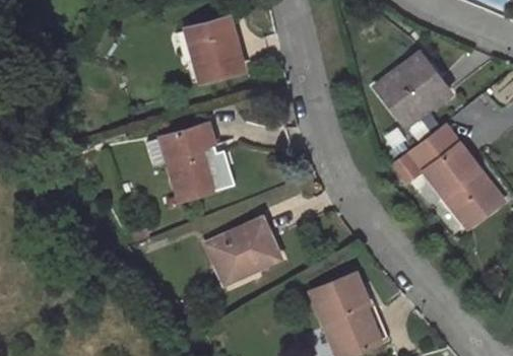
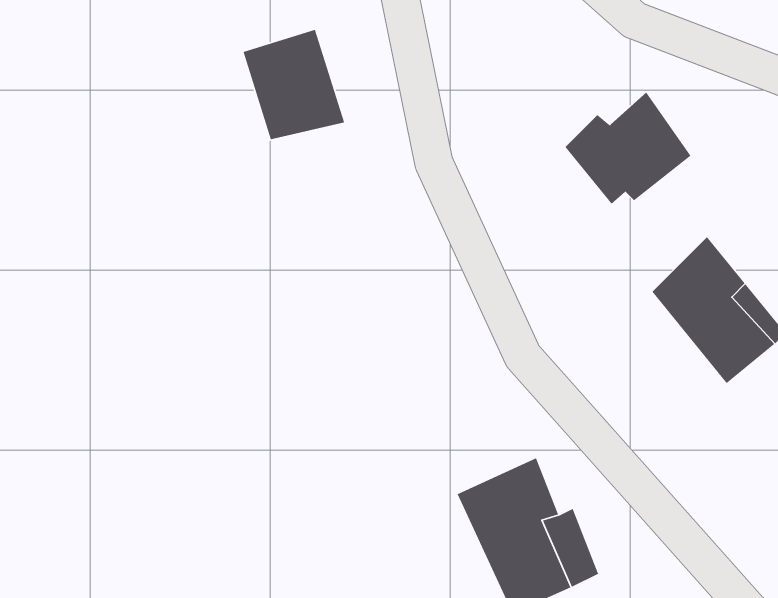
building: [405,123,455,172] -> none
building: [162,126,218,206] -> none
building: [218,209,292,274] -> none

